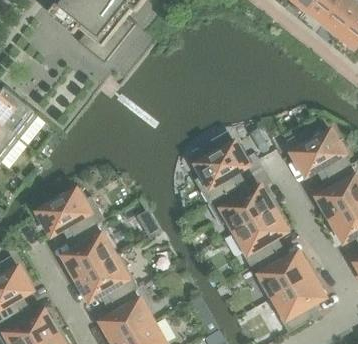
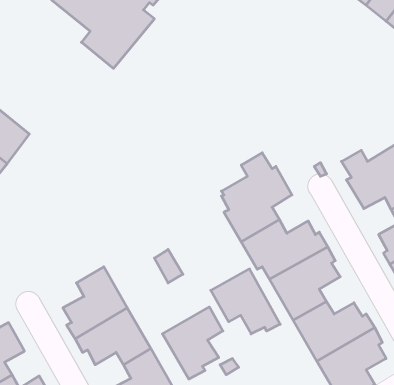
building: [37,187,103,234] -> none
building: none -> [211,269,280,334]
building: none -> [162,307,223,379]

